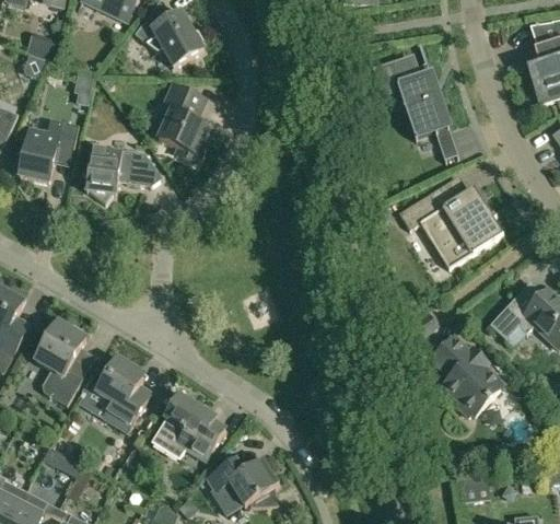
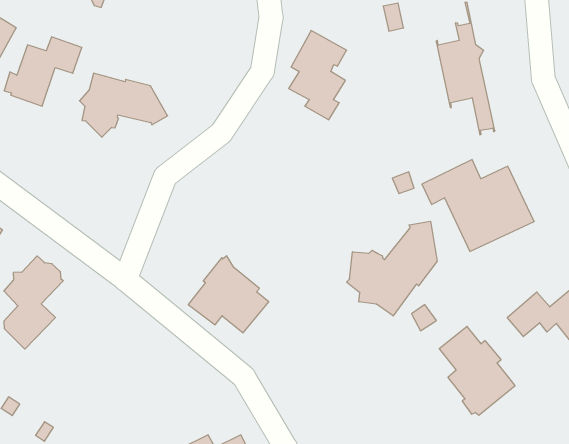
building: [159,84,209,163] -> [289,30,347,120]
building: none -> [347,221,437,316]
building: [95,358,153,427] -> none
building: [154,392,226,459] -> [188,256,269,333]

